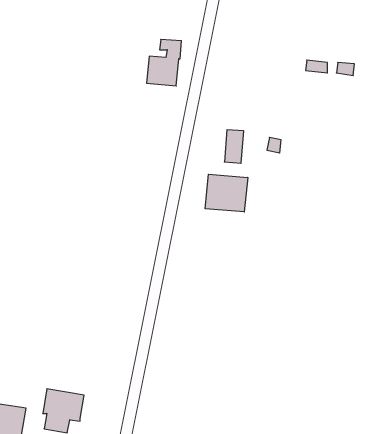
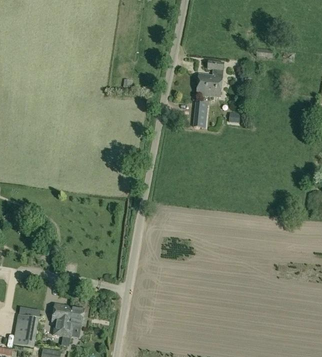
building: [147,39,181,86] -> [197,61,224,97]
building: [205,174,248,212] -> none

